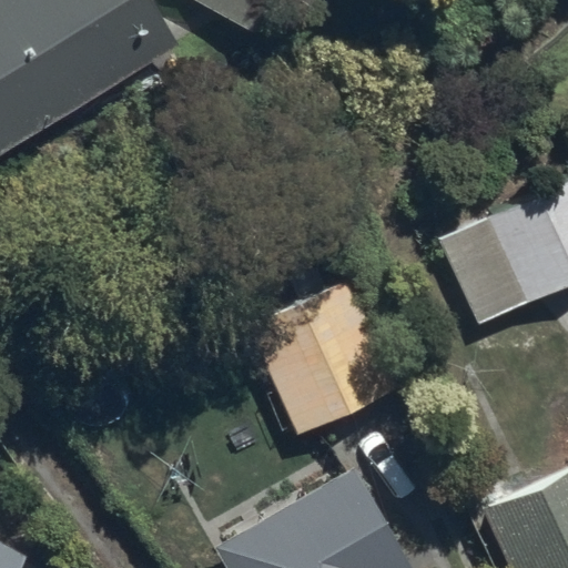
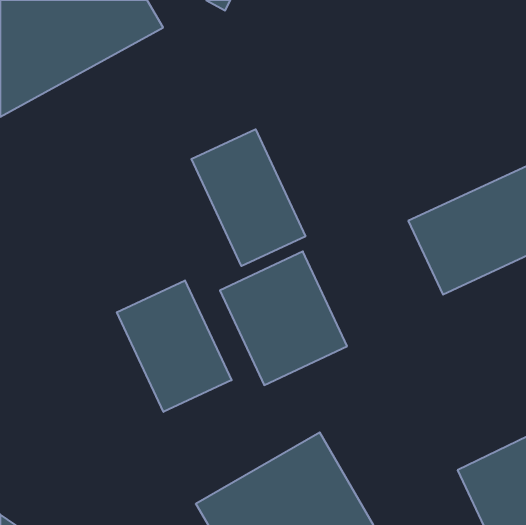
building: none -> [191,129,305,266]
building: none -> [117,280,232,412]

